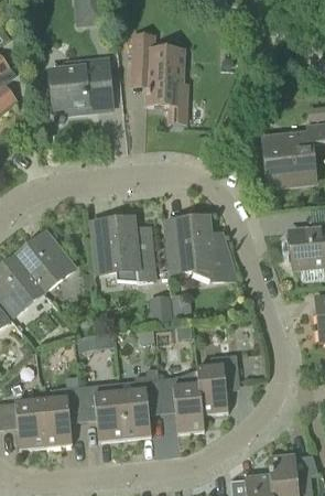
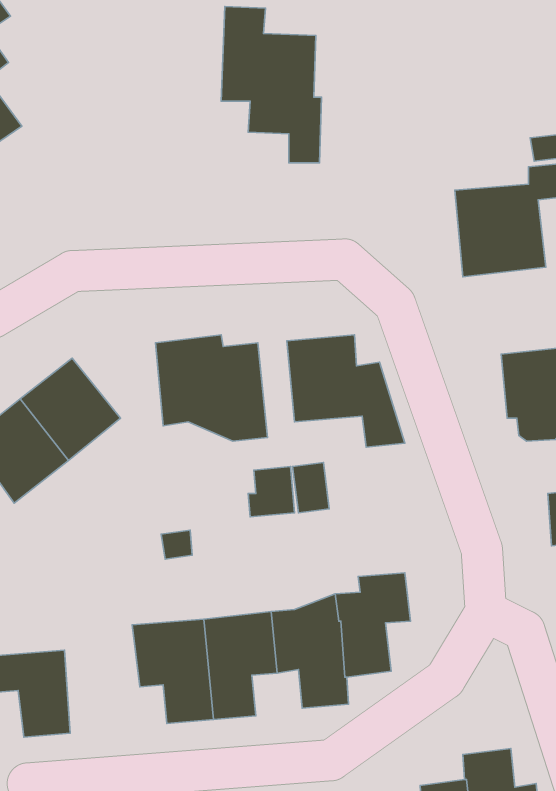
building: [50,60,111,112] -> none
building: [41,386,84,448] -> none

